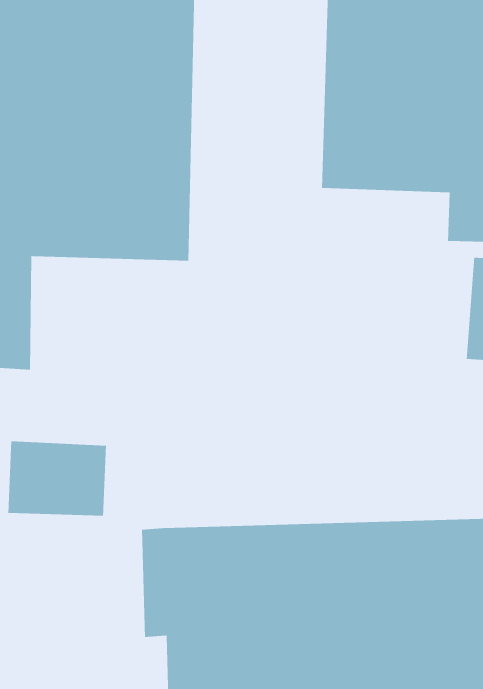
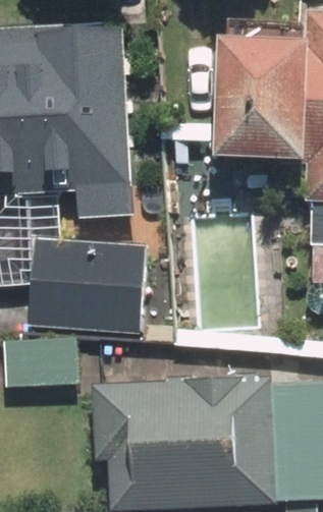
building: none -> [25,243,150,330]

